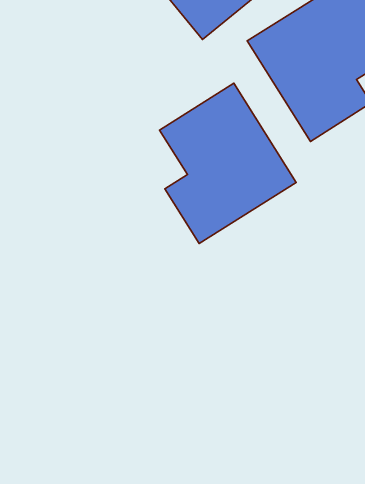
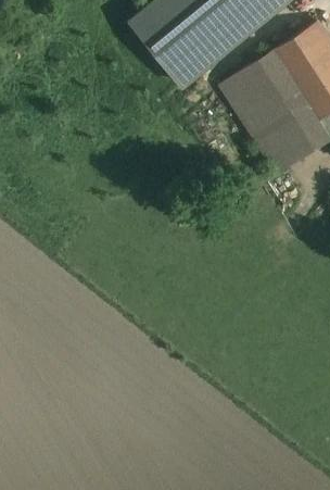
building: [159,83,296,243] -> none

